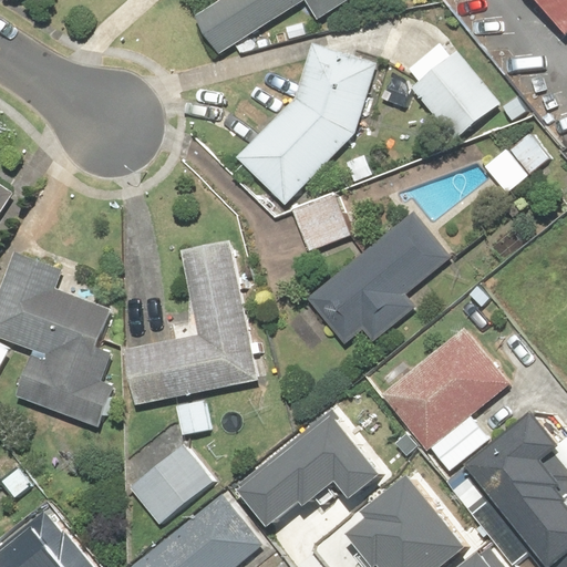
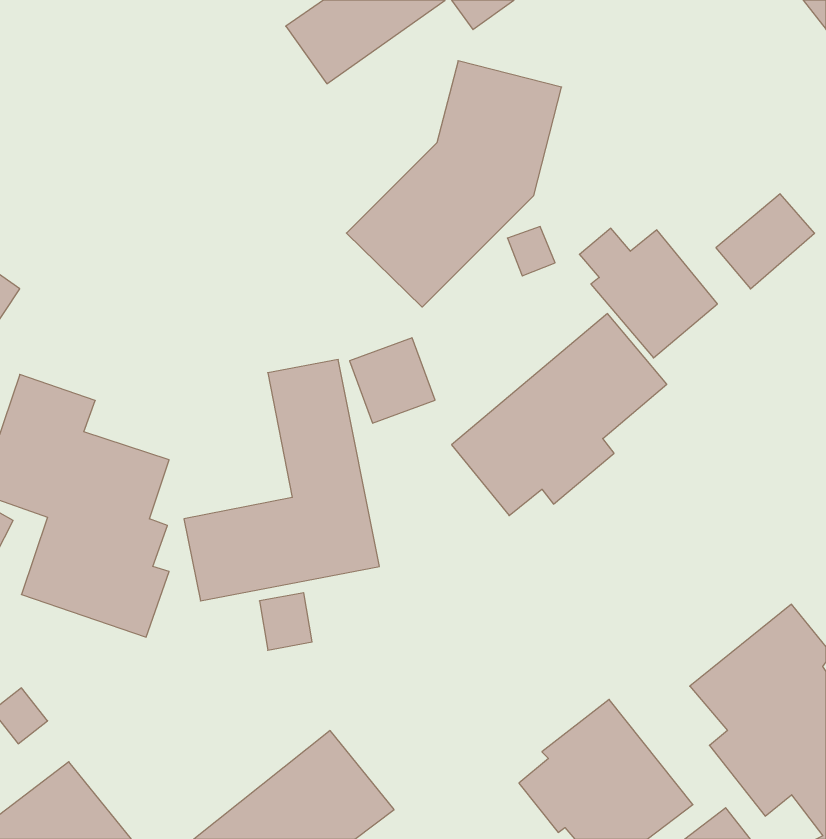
building: [405,51,498,138] -> [579,228,717,358]
building: [292,196,350,254] -> [350,338,435,423]
building: [381,329,511,472] -> none
building: [238,406,381,517] -> none
building: [128,444,213,526] -> none

